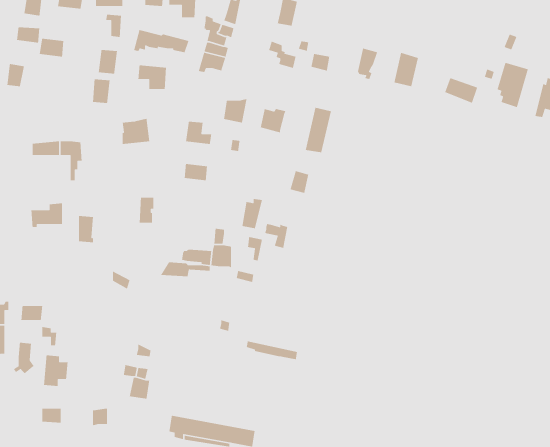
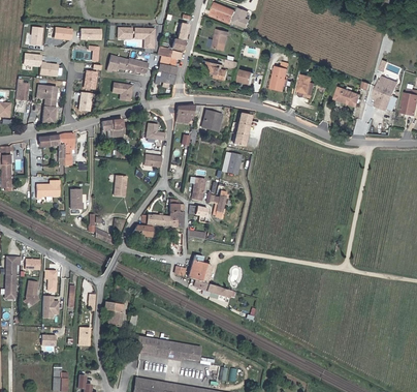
building: none -> [38,84,57,122]
building: none -> [186,254,211,283]

